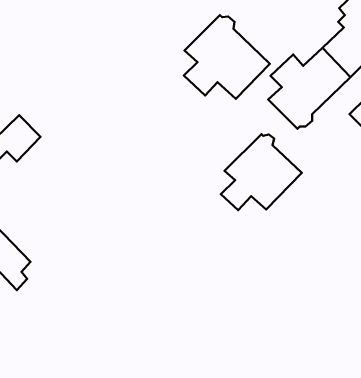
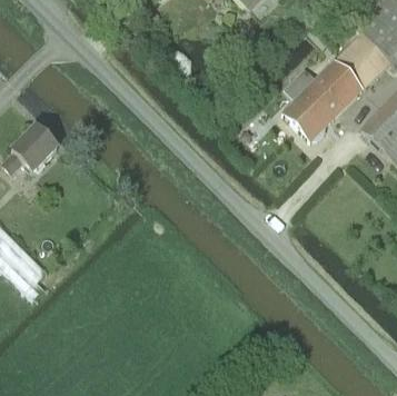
building: [184,15,270,99] -> none
building: [221,134,302,210] -> none

